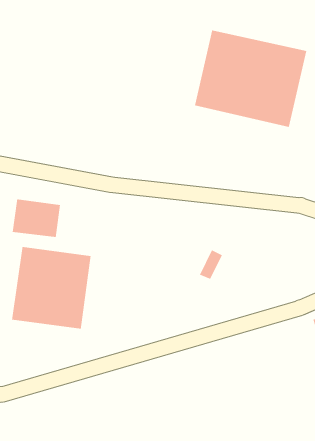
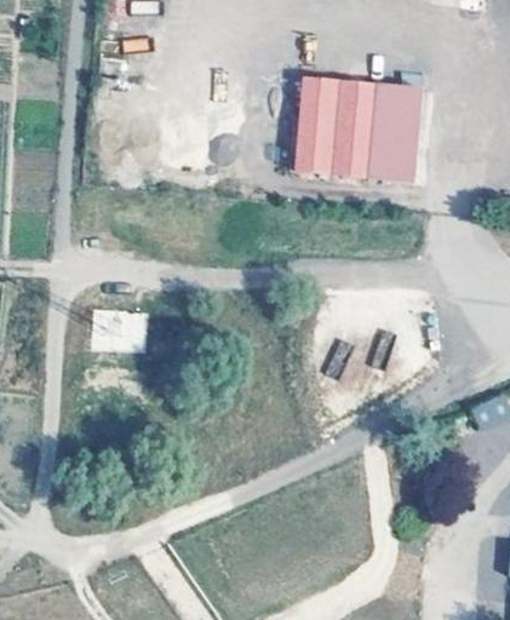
building: [12,246,91,330] -> none

